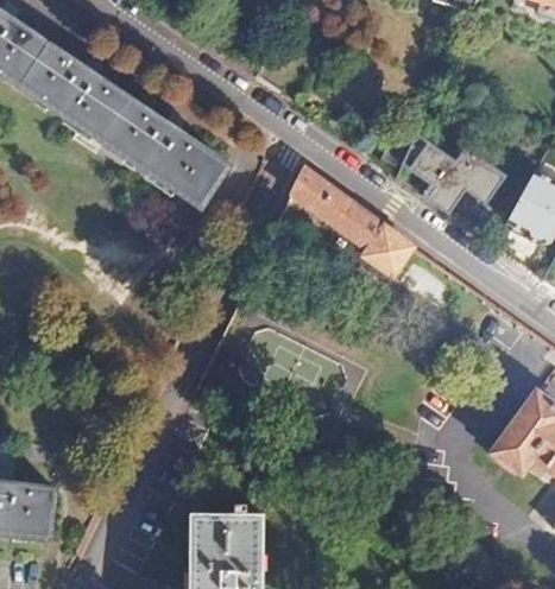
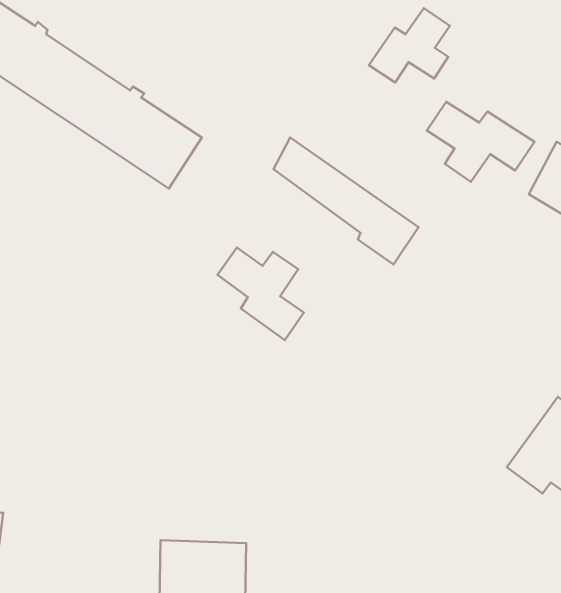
building: none -> [369,8,450,82]
building: none -> [218,247,304,340]

